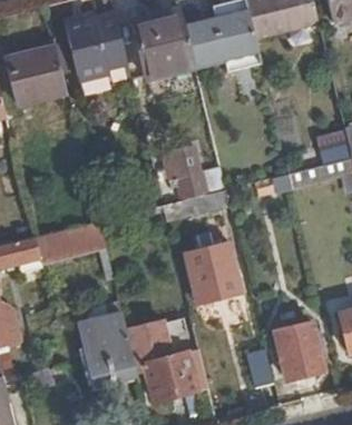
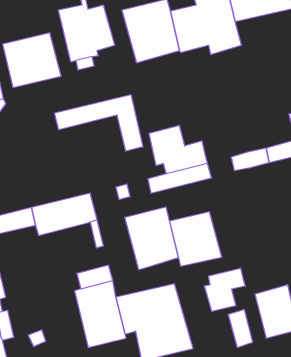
building: none -> [54,95,143,151]
building: none -> [125,207,178,270]
building: none -> [205,268,245,311]

